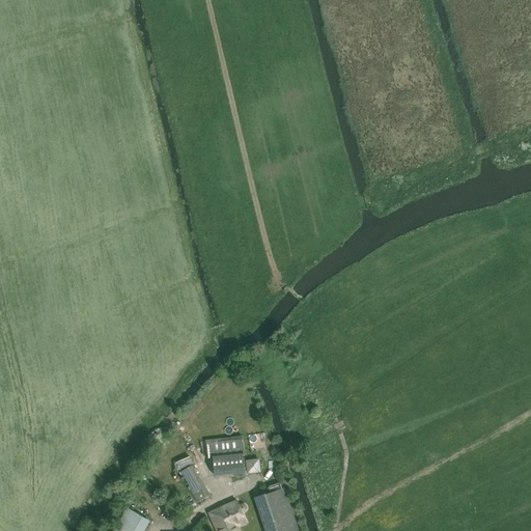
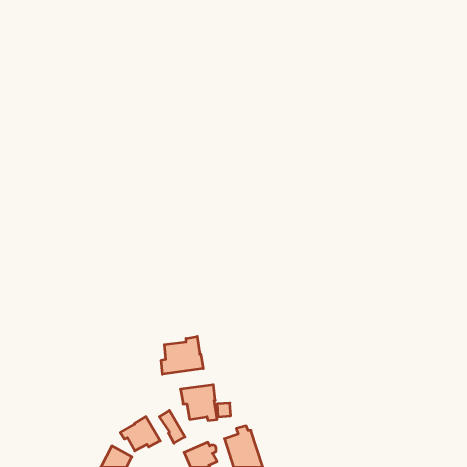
building: none -> [161,336,203,374]
building: none -> [120,417,160,451]

